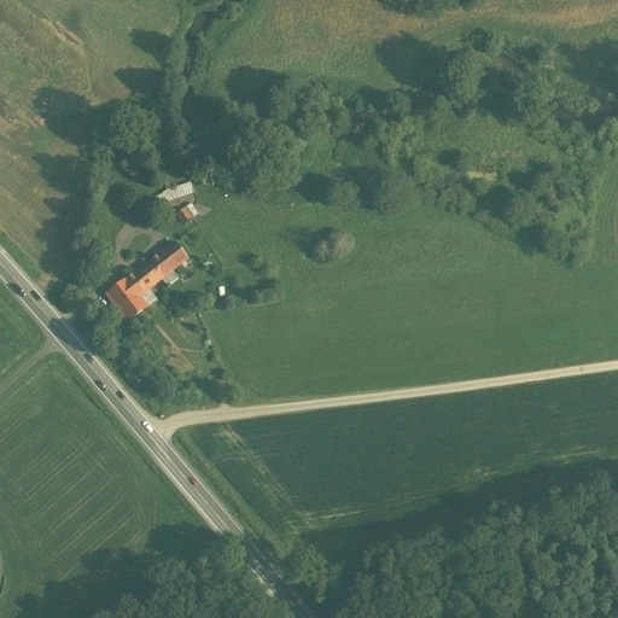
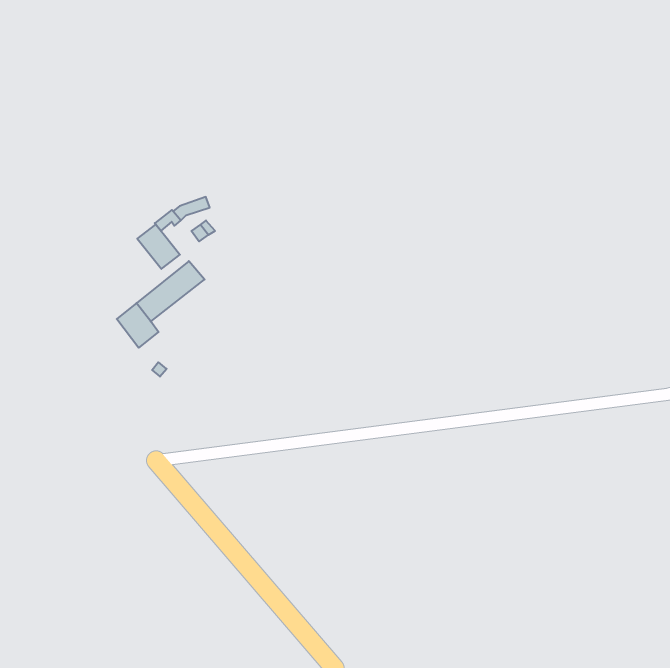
building: none -> [137,224,180,269]

